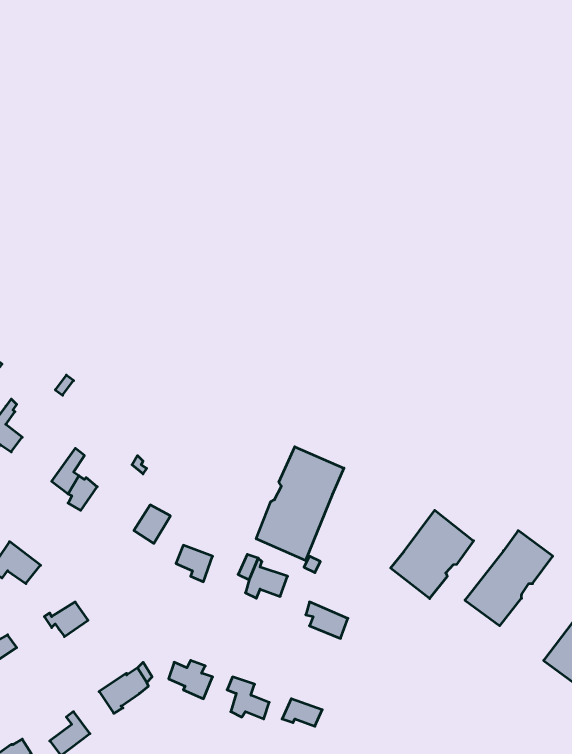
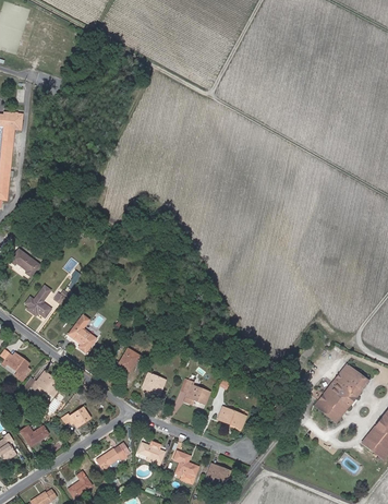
building: [256,447,344,560] -> none
building: [391,510,474,599] -> none

